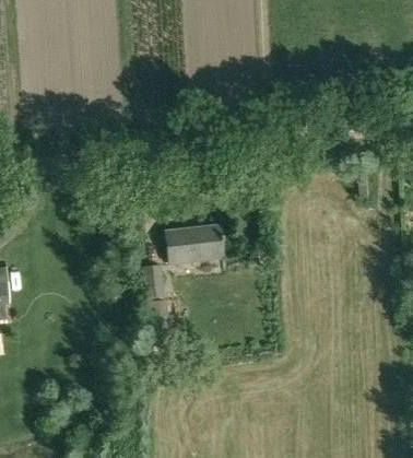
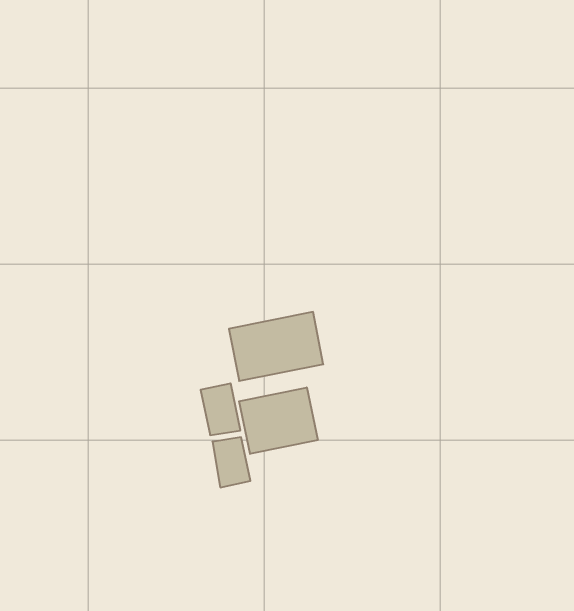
building: none -> [239,387,318,454]

